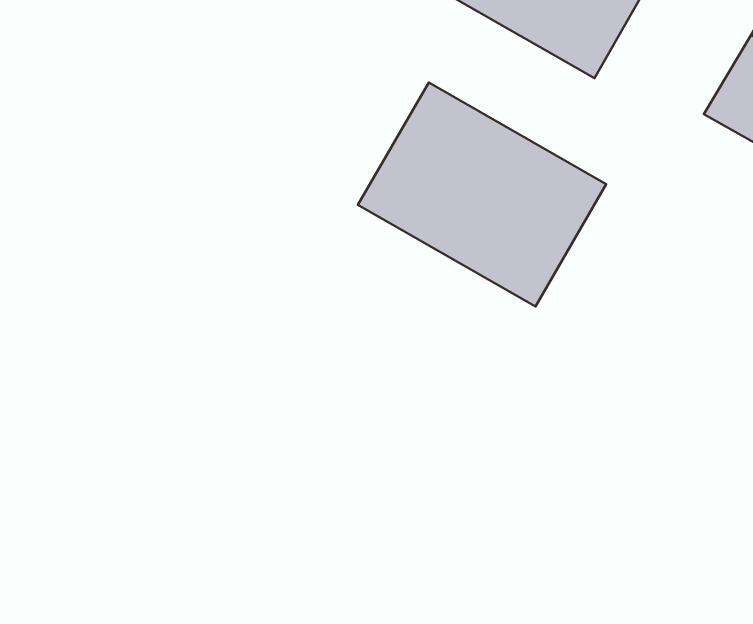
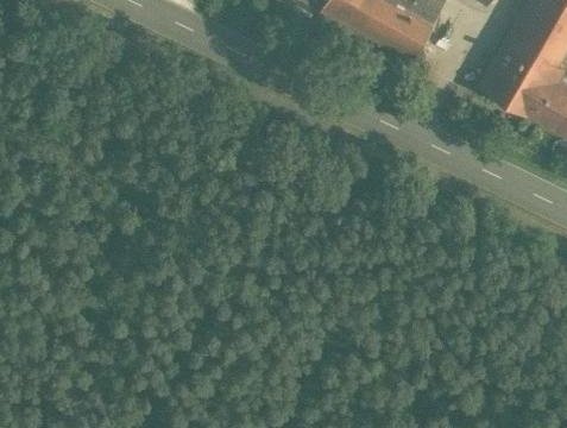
building: [358,82,606,307] -> none

